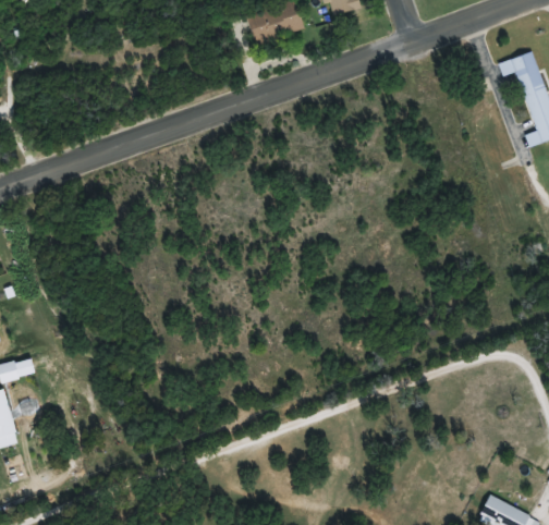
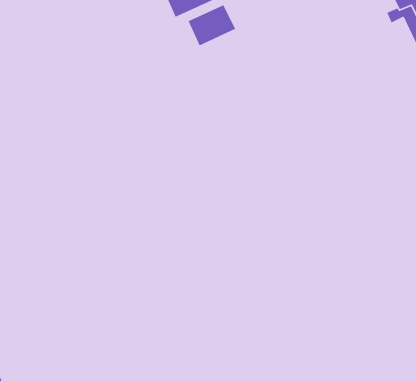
building: none -> [188,4,236,46]

